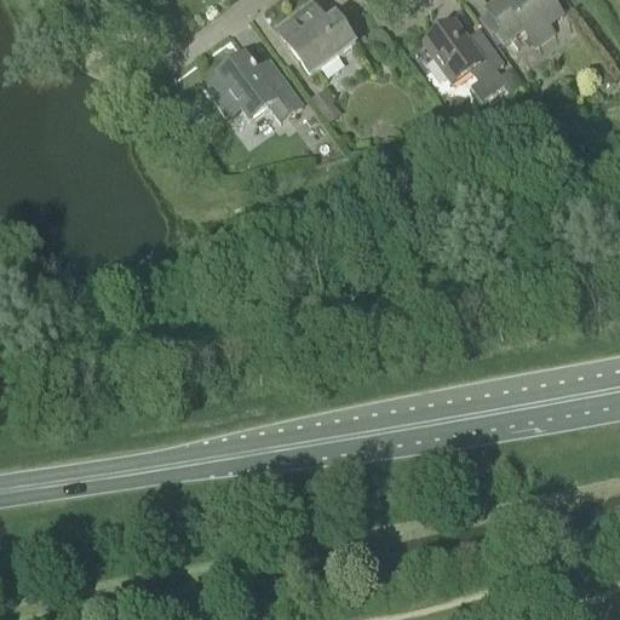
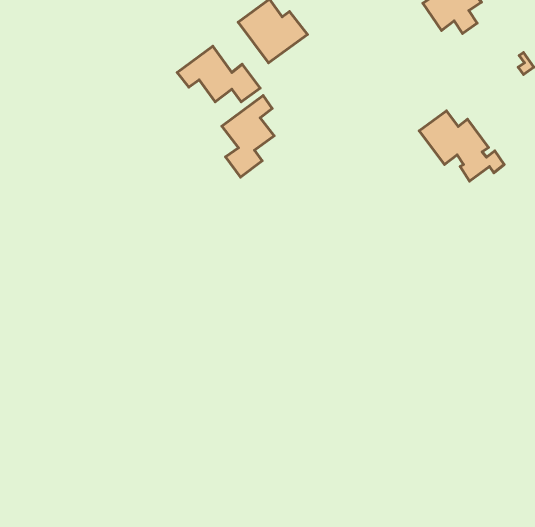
building: [424,17,522,98] -> [419,111,504,181]
building: none -> [222,96,274,177]

